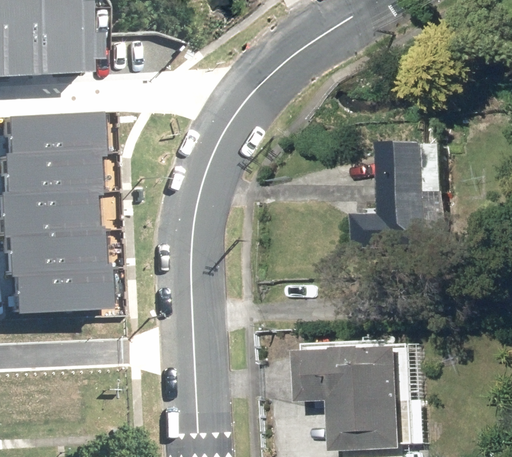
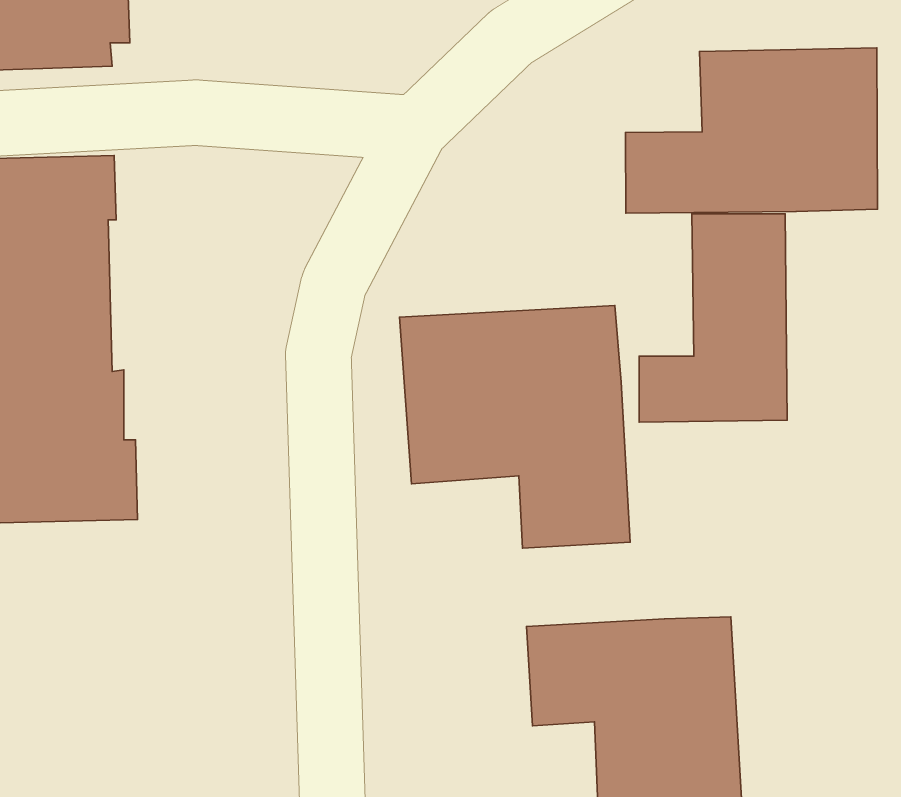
building: none -> [626,48,878,213]
building: none -> [400,306,630,548]

